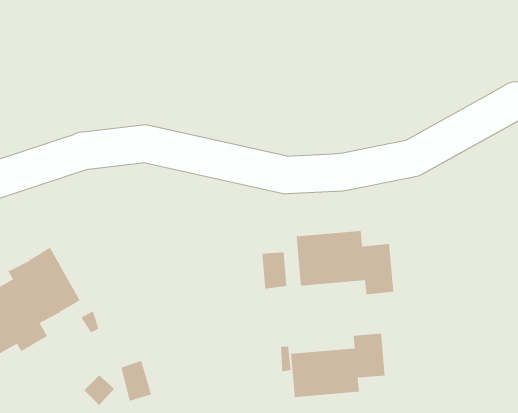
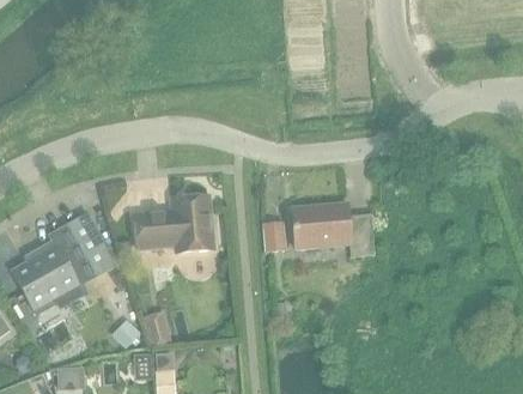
building: none -> [133,195,213,251]
building: [291,333,385,398] -> none

